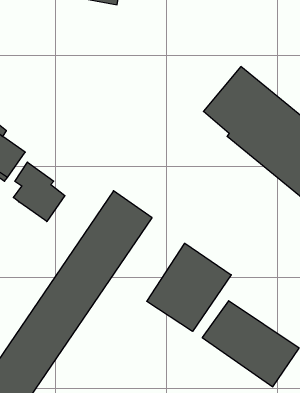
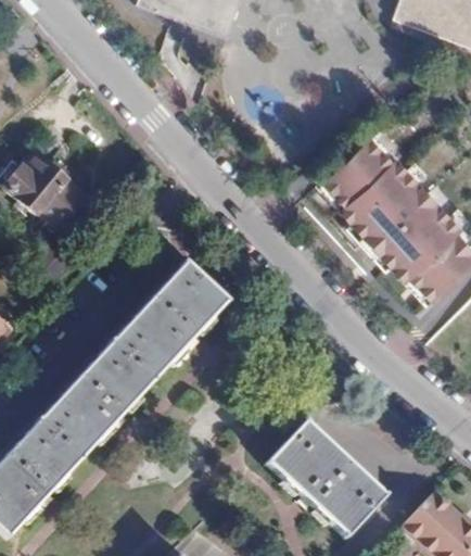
building: [13,162,65,222] -> none
building: [147,243,231,331] -> none

